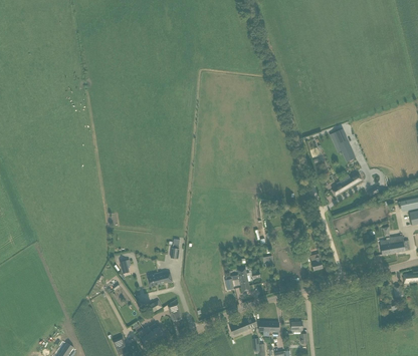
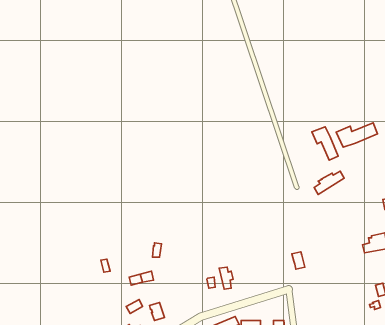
building: none -> [336,123,377,147]

